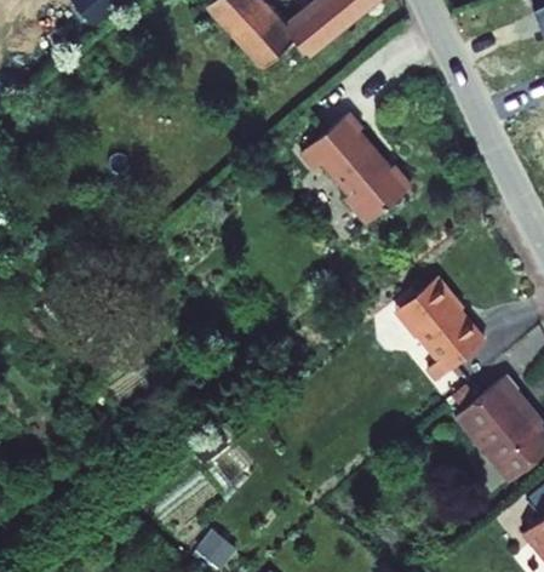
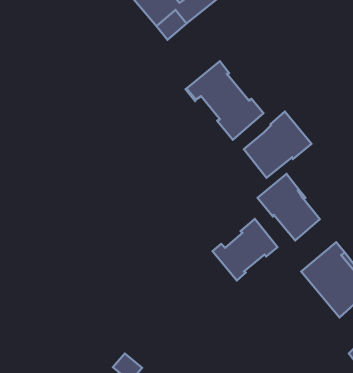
building: none -> [244,111,311,178]
building: none -> [212,219,277,280]

